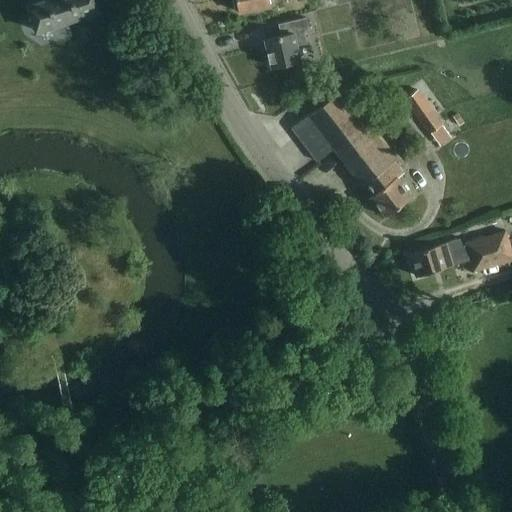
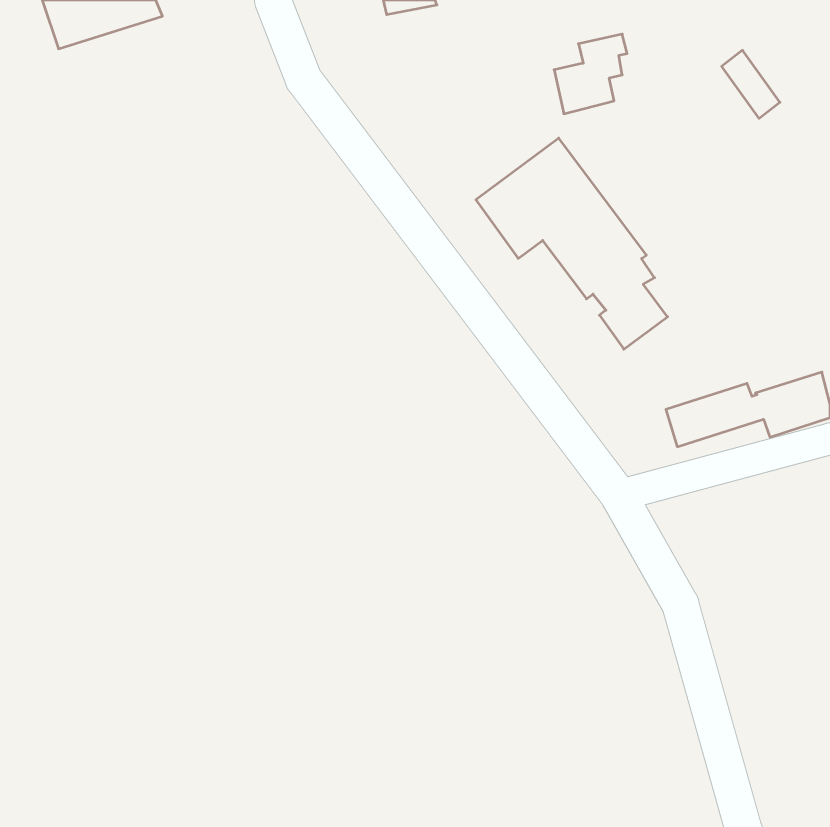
building: [265,17,310,66] -> [554,34,627,114]
building: [406,93,442,135] -> [722,50,780,118]

